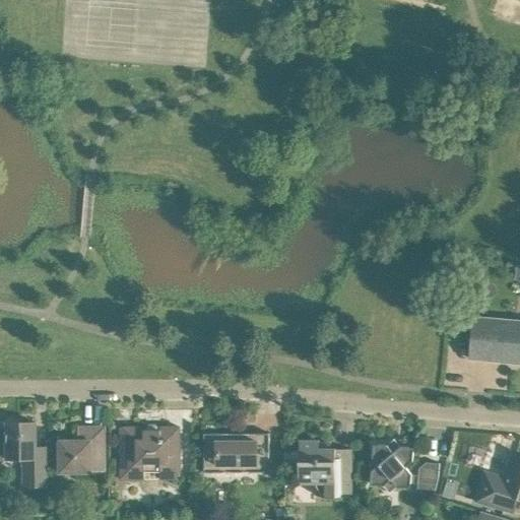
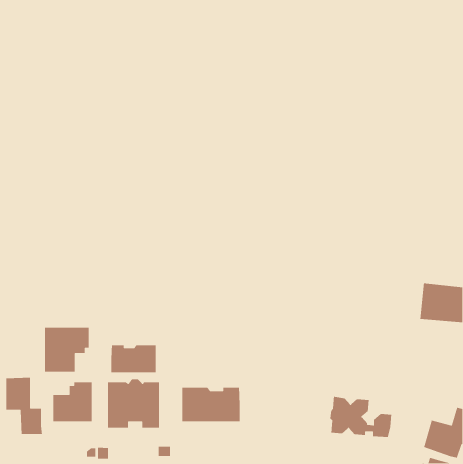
building: none -> [44,327,90,373]
building: none -> [110,345,156,373]
building: [299,441,350,497] -> none

